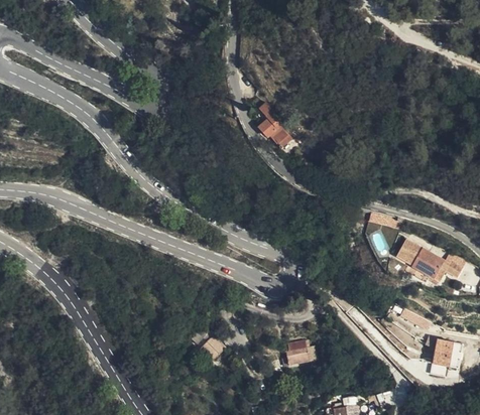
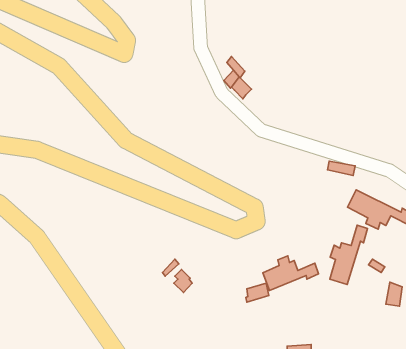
building: none -> [330,225,367,284]
building: none -> [263,256,318,290]

